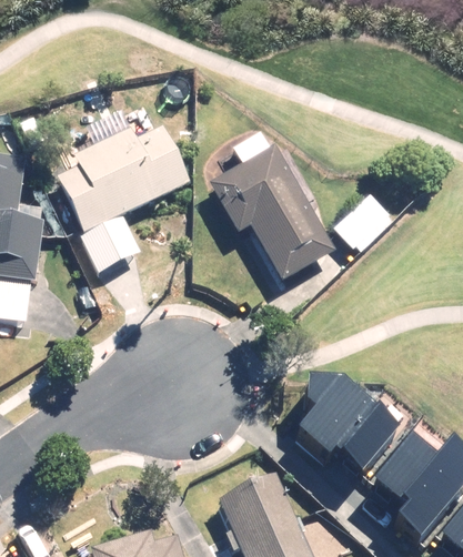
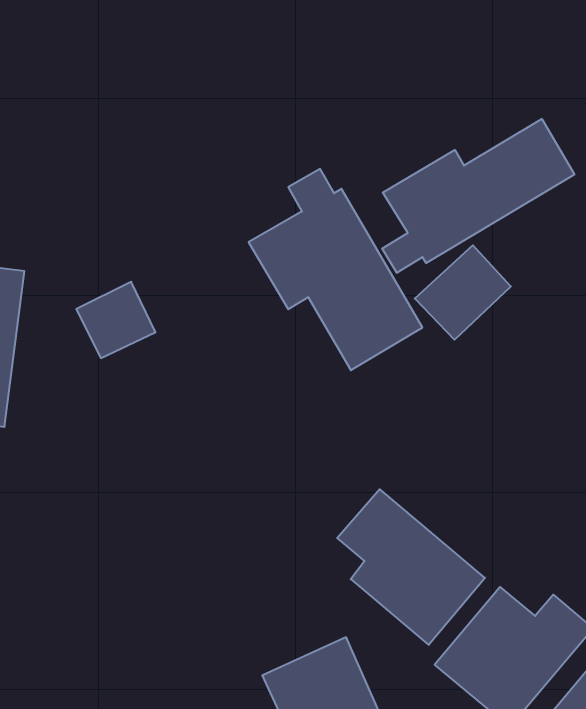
building: none -> [382,119,574,273]
building: [59,123,189,231] -> none

